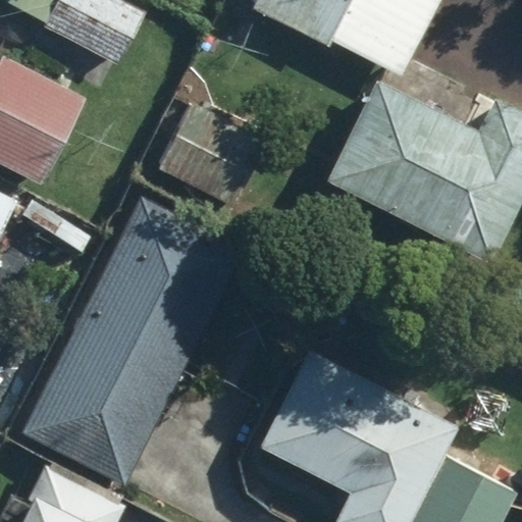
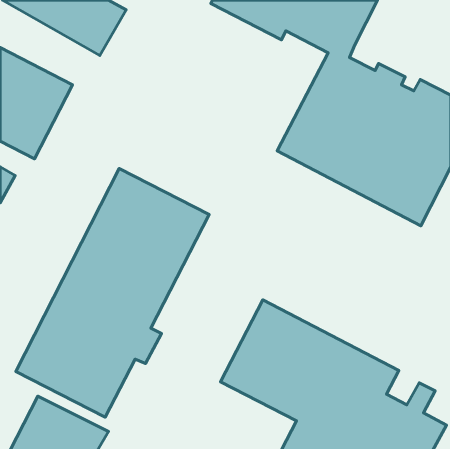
building: [155,98,267,207] -> none

